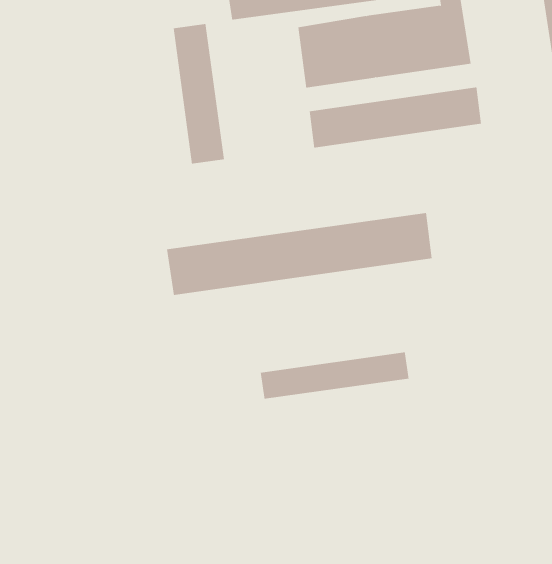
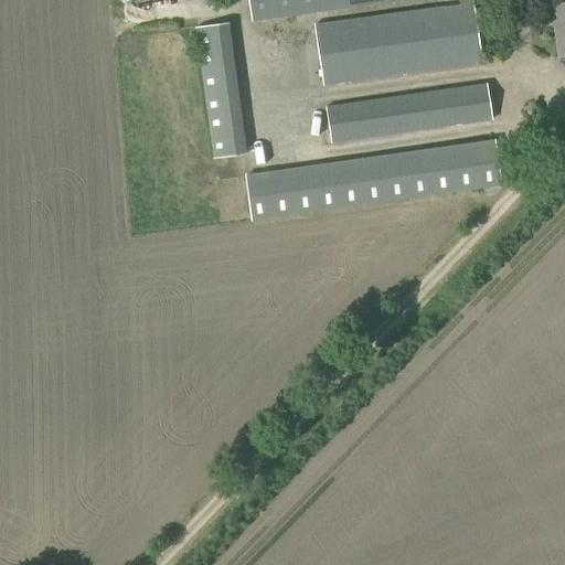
building: [166,212,433,295] -> [246,140,501,220]
building: [260,352,409,400] -> none

